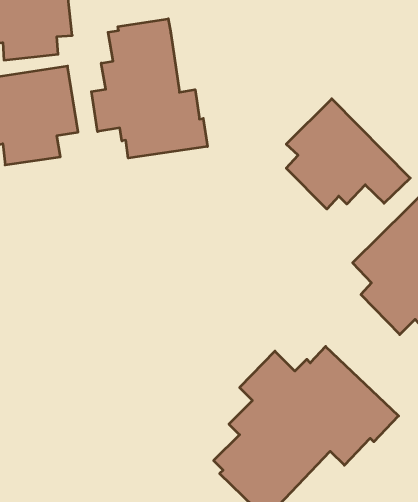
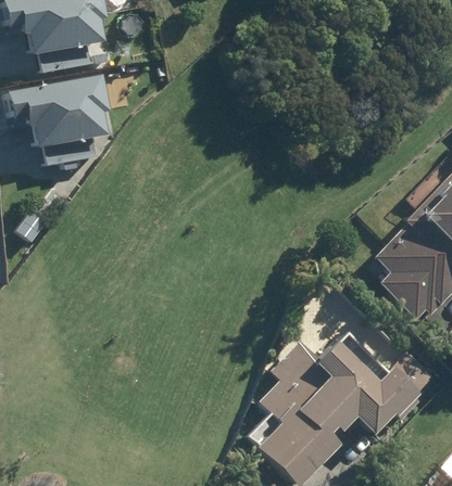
building: [91,19,207,158] -> none
building: [286,99,410,209] -> none

